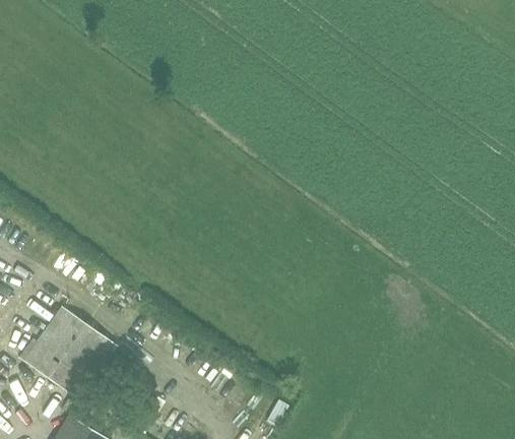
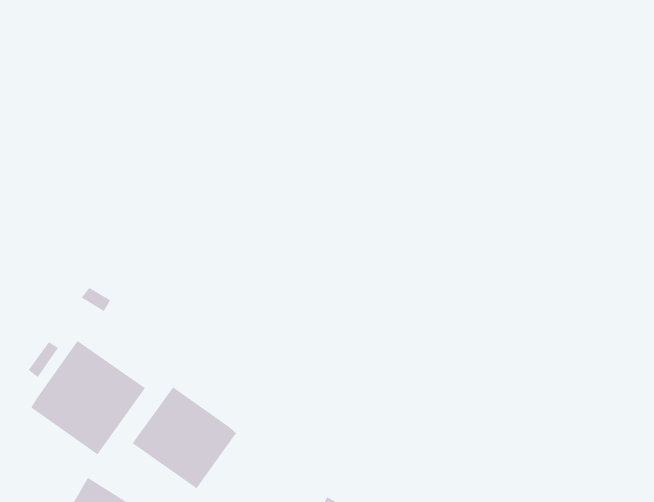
building: none -> [132,386,237,489]

